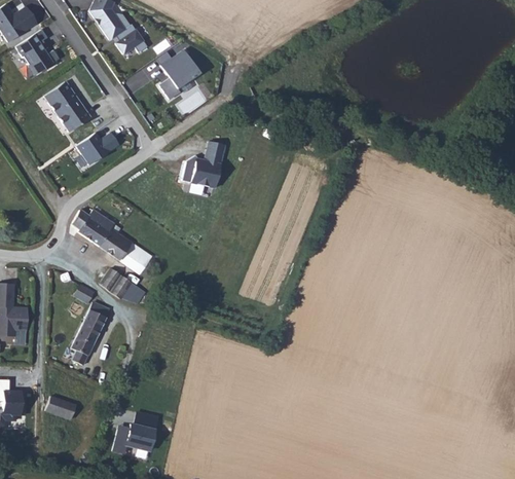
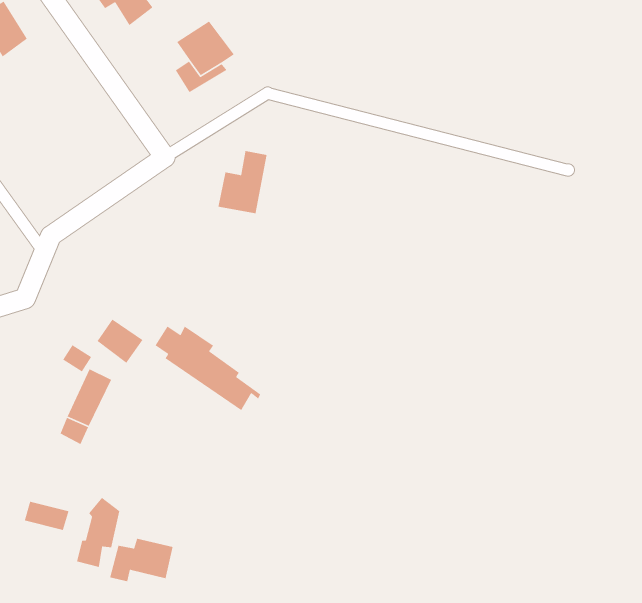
building: [45,81,90,132] -> none
building: [75,134,118,167] -> none
building: [73,206,150,267] -> [154,326,261,411]
building: none -> [76,497,120,568]

